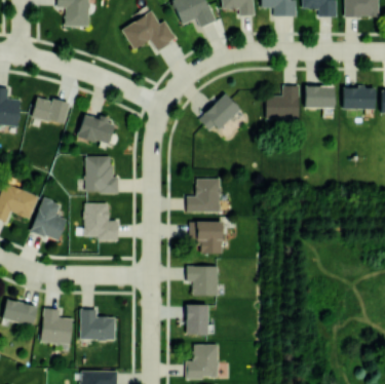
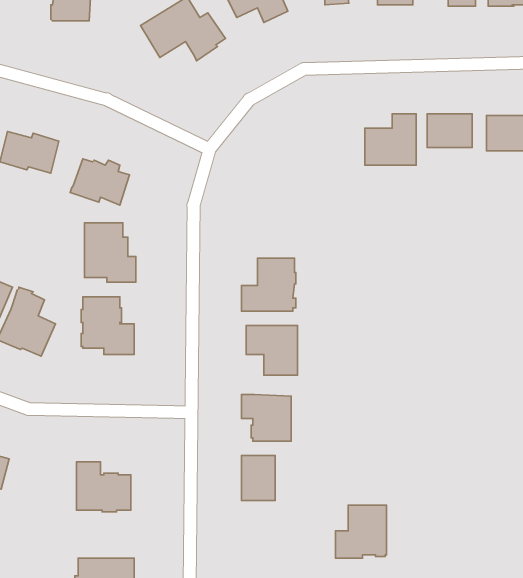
building: [198,94,239,130] -> none
building: [40,308,72,345] -> none
building: [185,345,218,379] -> [335,505,387,558]

